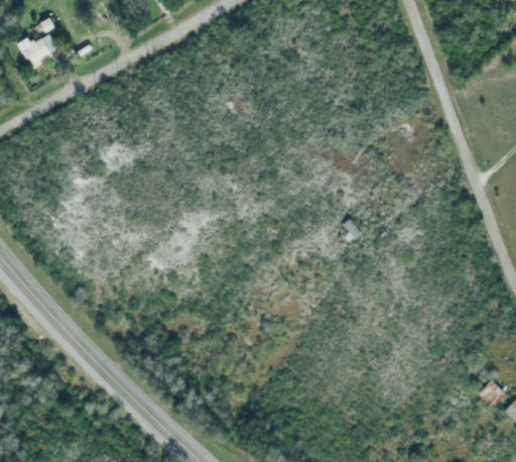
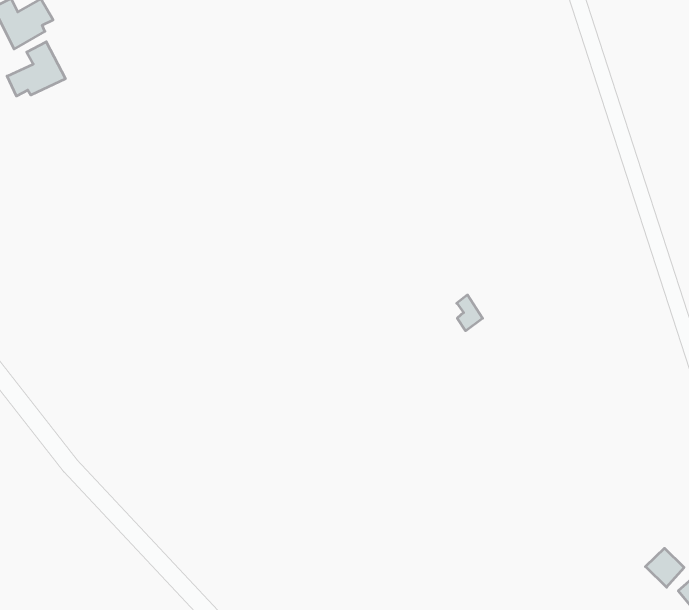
building: none -> [7,42,65,96]

